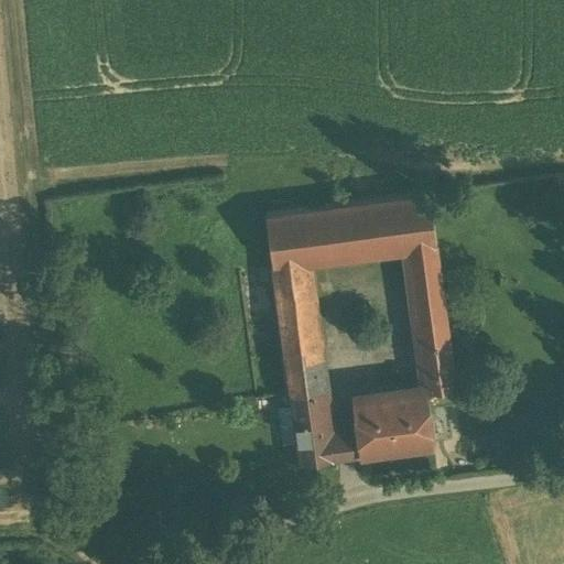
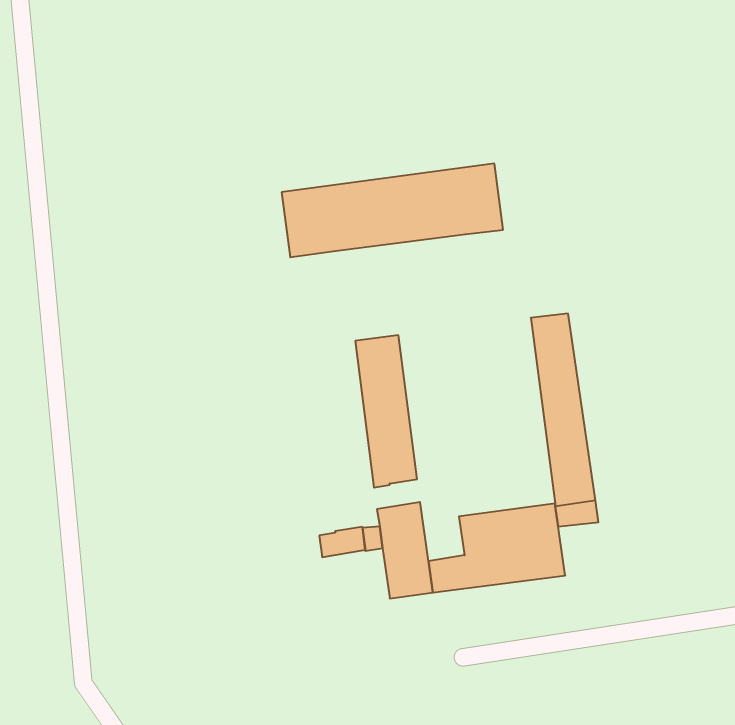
building: [265,197,435,269] -> [282,164,503,257]
building: [286,375,322,398] -> [319,527,365,557]

